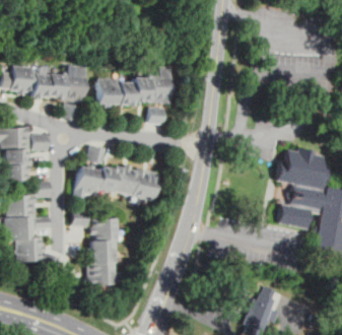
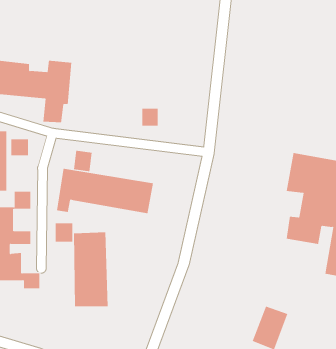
building: [95,65,173,105] -> none

